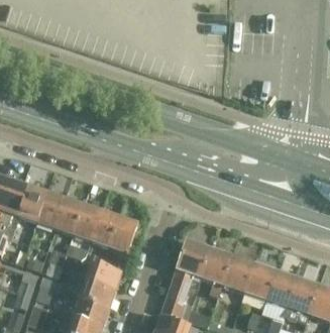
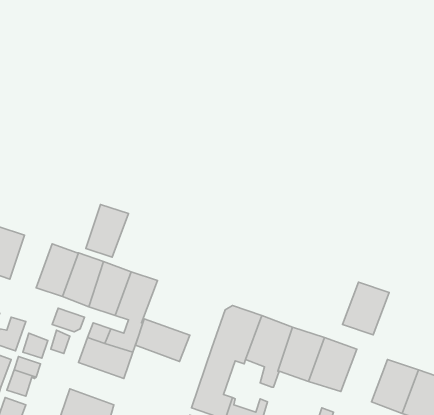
building: [36,192,66,228] -> [86,205,128,257]
building: [264,270,297,307] -> [342,282,389,335]
building: [78,280,115,309] -> [136,319,190,361]

